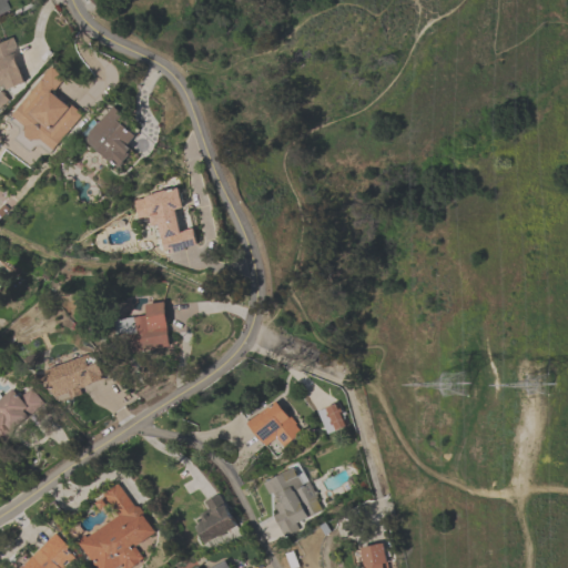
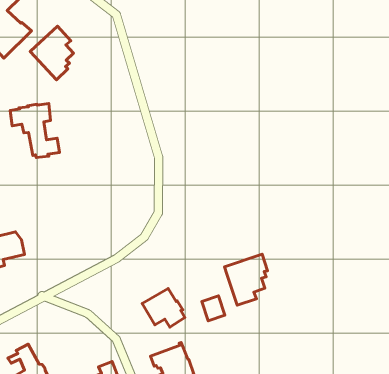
building: [133,187,196,253] -> [10,103,59,158]
building: [130,302,170,352] -> none
building: none -> [224,254,267,305]

